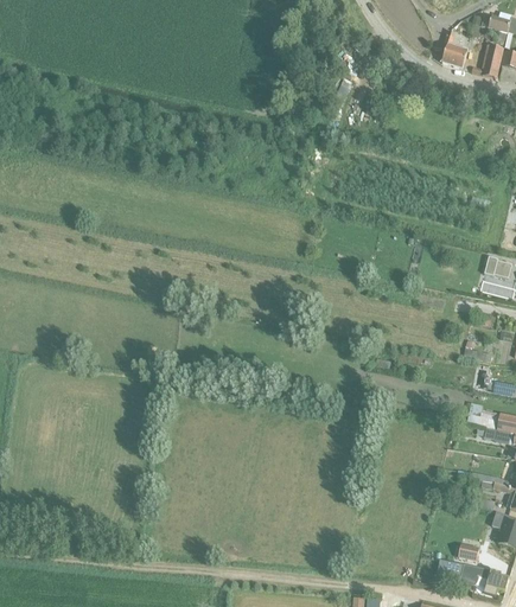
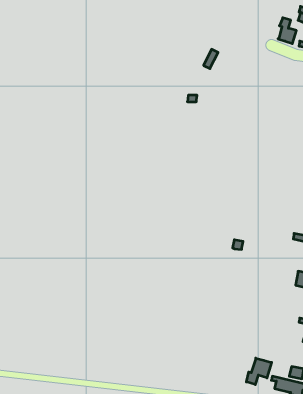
building: none -> [246,358,272,385]

